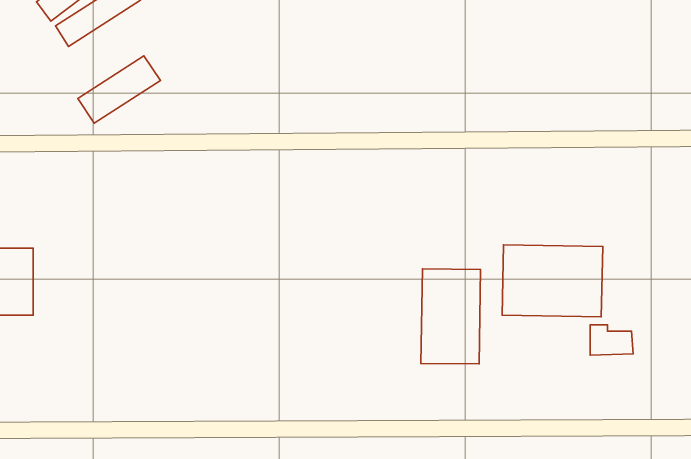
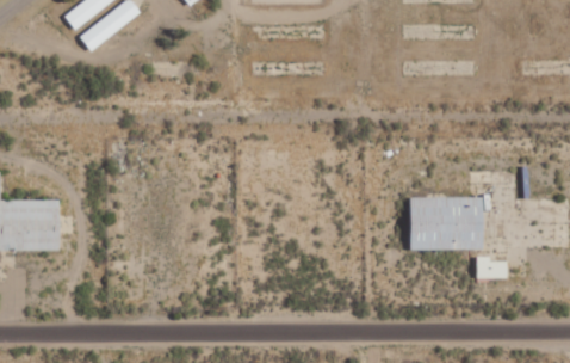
building: [78,56,160,123] -> none
building: [421,269,481,364] -> none

